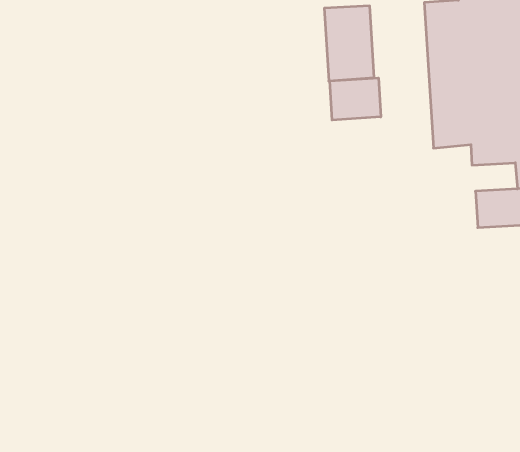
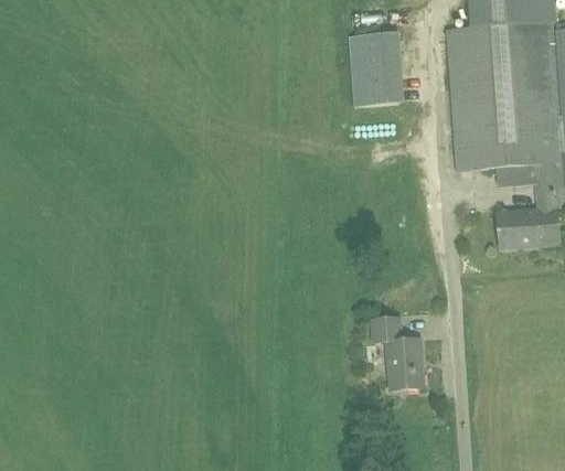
building: [330,78,381,120] -> none
building: none -> [373,317,425,388]

